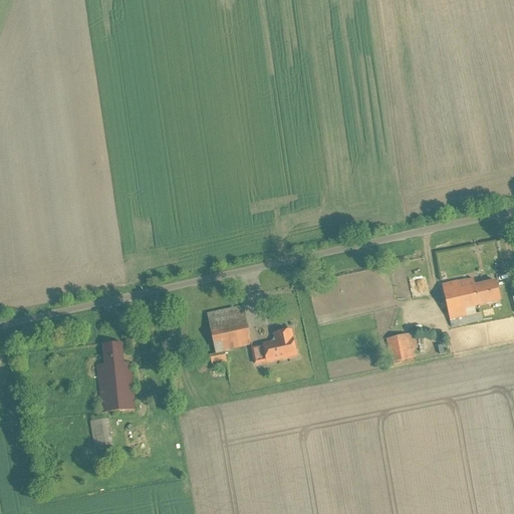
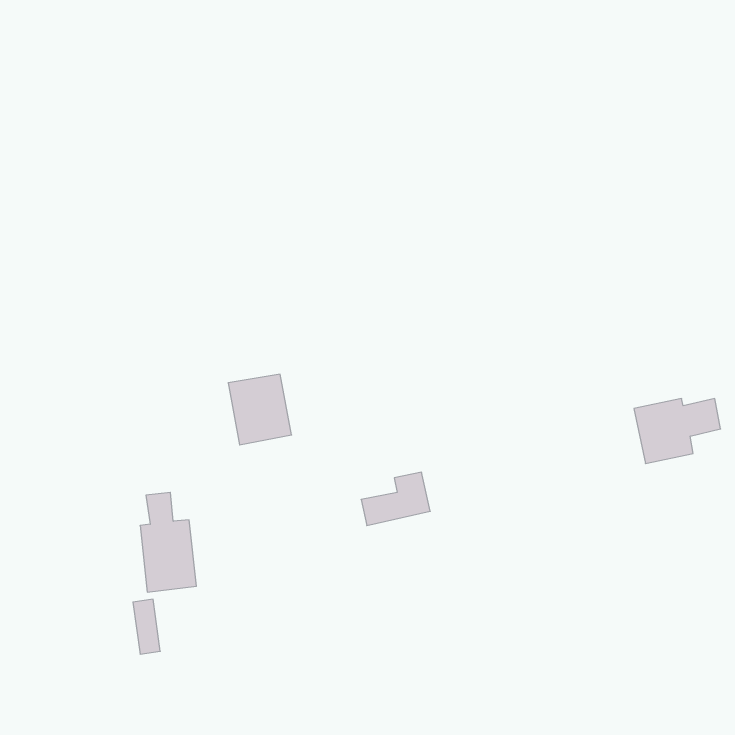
building: [205,302,249,351] -> [228,374,292,445]
building: [383,328,416,358] -> none

